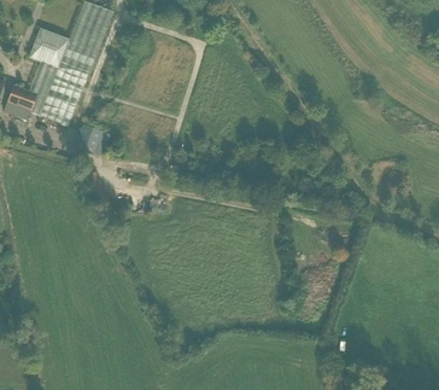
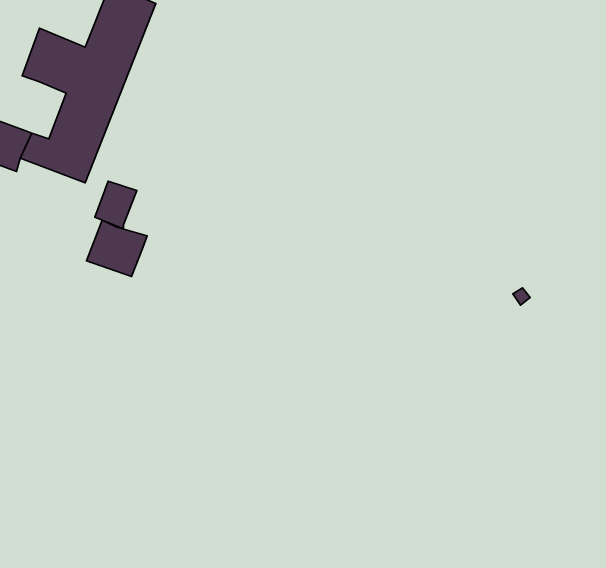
building: none -> [87,220,147,277]

